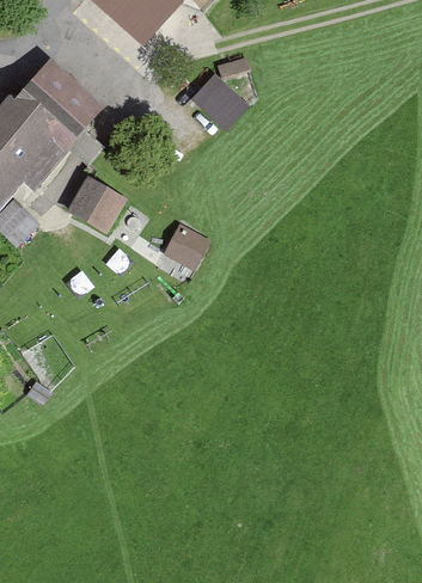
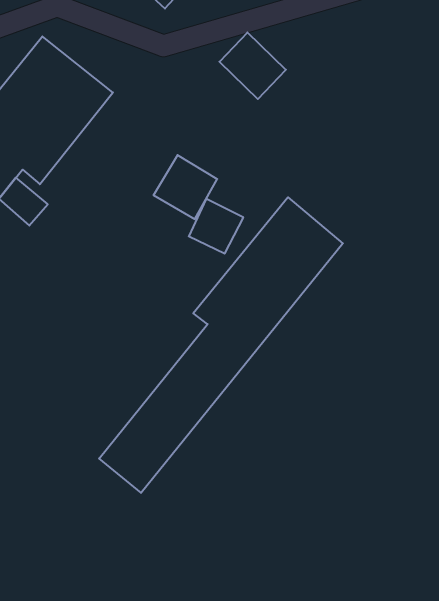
building: [69,177,127,234] -> [153,155,217,219]
building: none -> [99,197,343,493]

